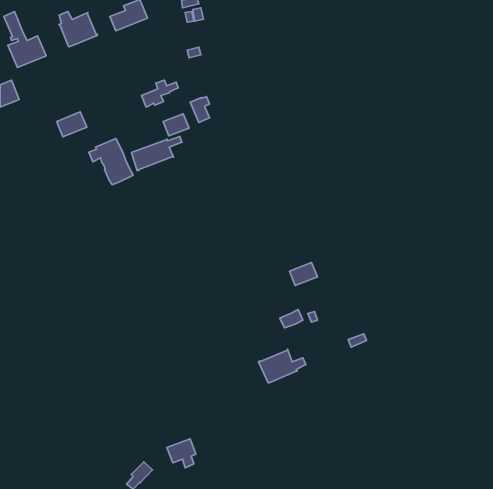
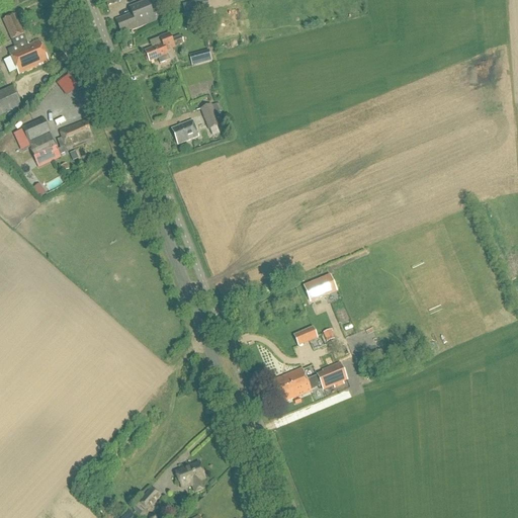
building: [59,12,97,47] -> none
building: [141,80,178,107] -> [145,32,183,61]
building: [131,137,182,171] -> none
building: [89,139,133,185] -> [14,116,61,165]
building: none -> [316,361,347,388]

